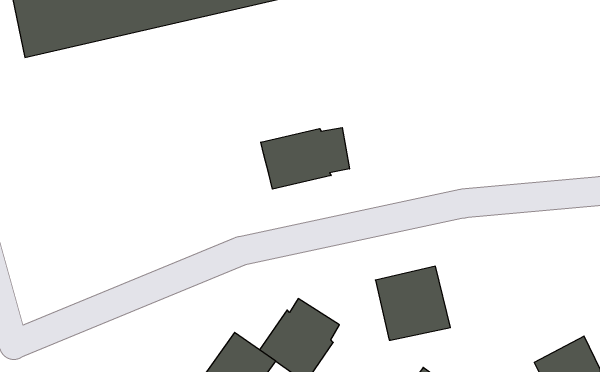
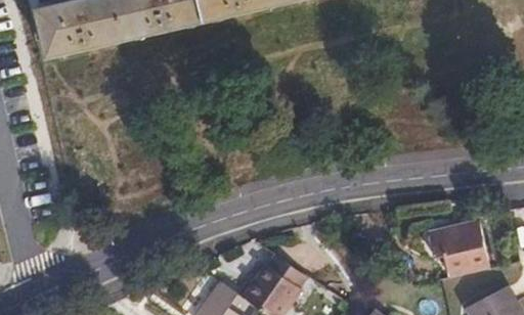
building: [261,128,349,189] -> none
building: [375,266,450,340] -> [428,219,489,279]

